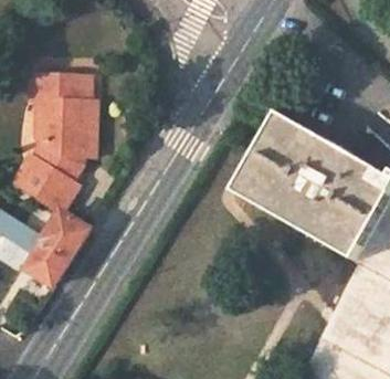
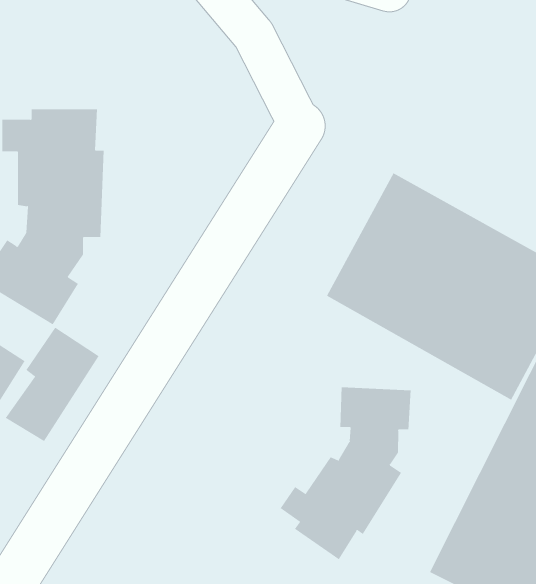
building: none -> [280,387,411,560]

